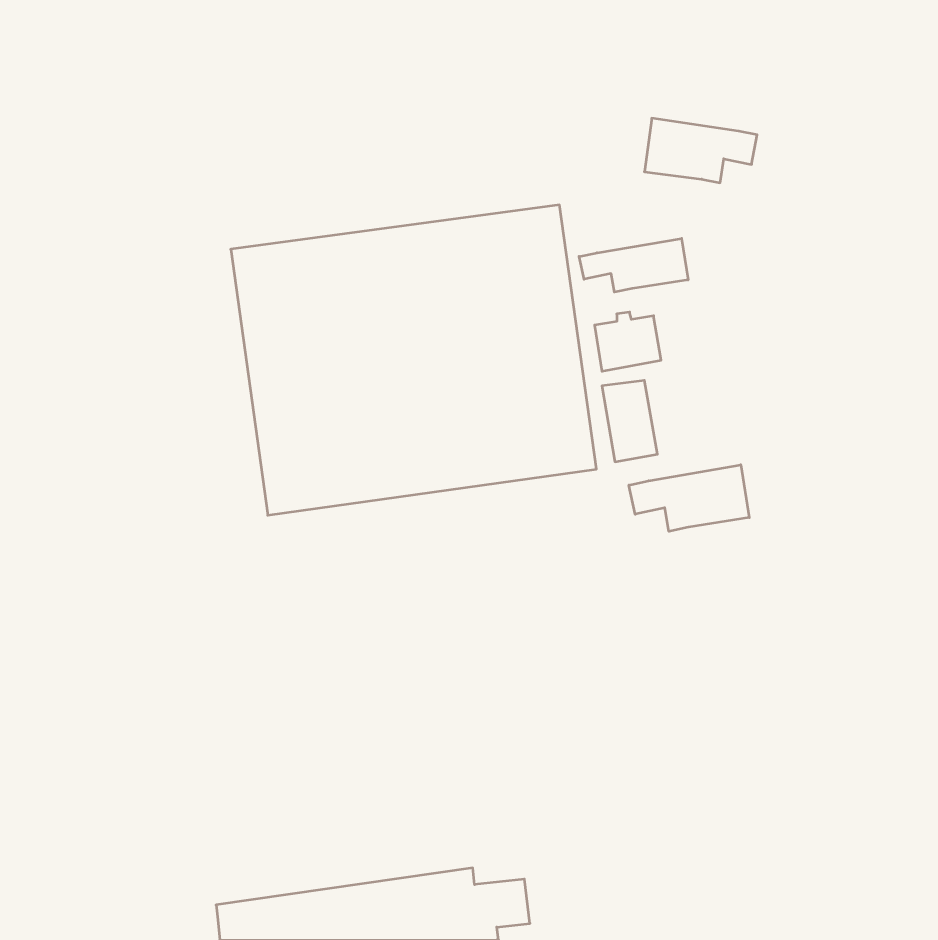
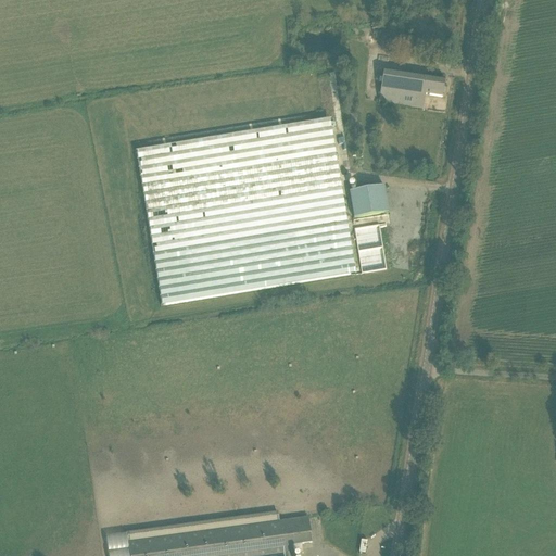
building: [579,238,688,292] -> none
building: [629,465,749,531] -> none

